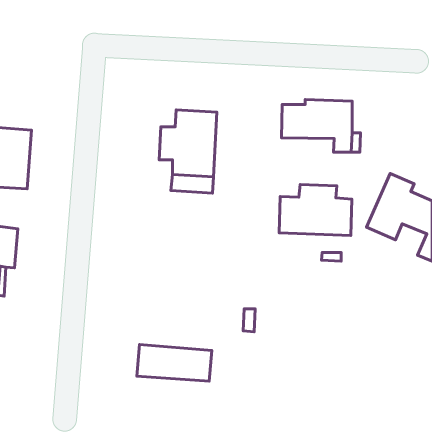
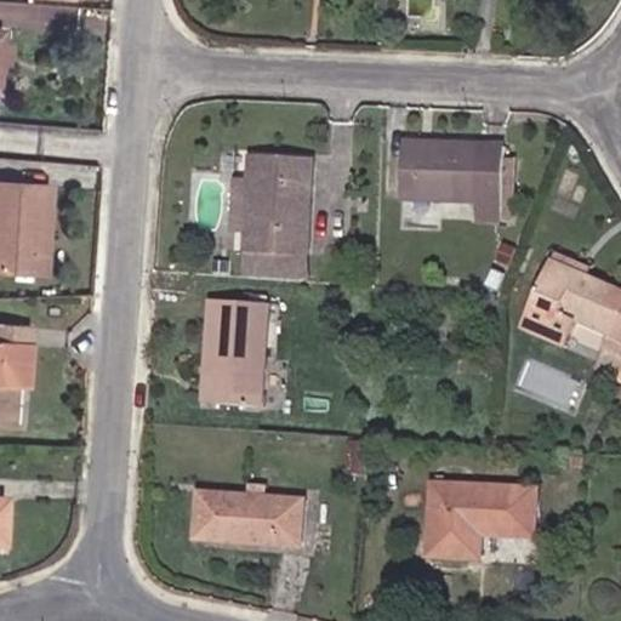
building: [279,184,352,236] -> none
building: none -> [205,298,268,406]
building: none -> [431,483,535,556]

